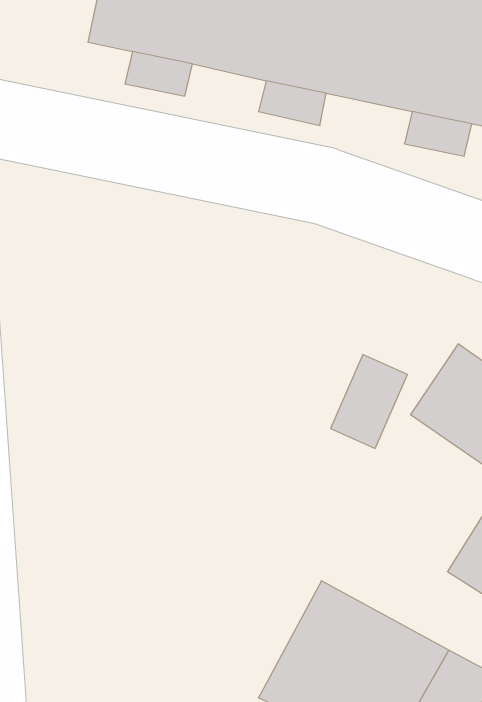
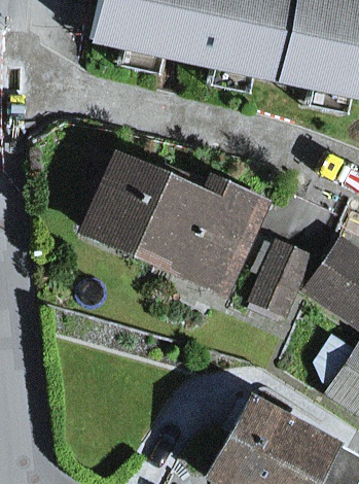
building: none -> [84,159,259,284]

